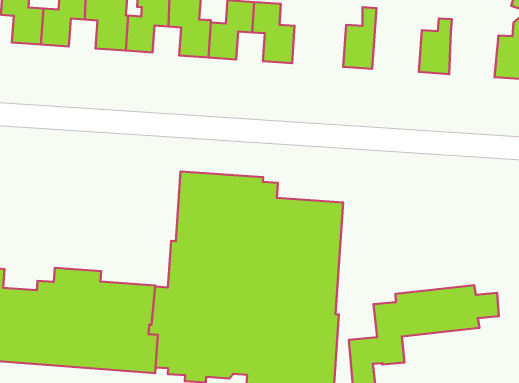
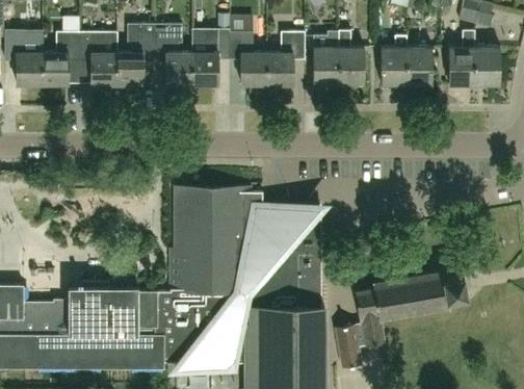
building: none -> [267,32,305,85]
building: none -> [339,31,364,85]
building: none -> [407,48,431,85]

